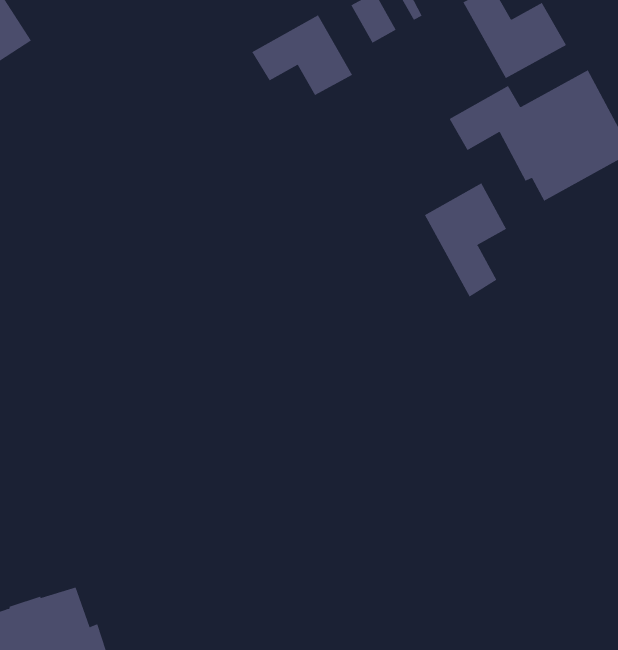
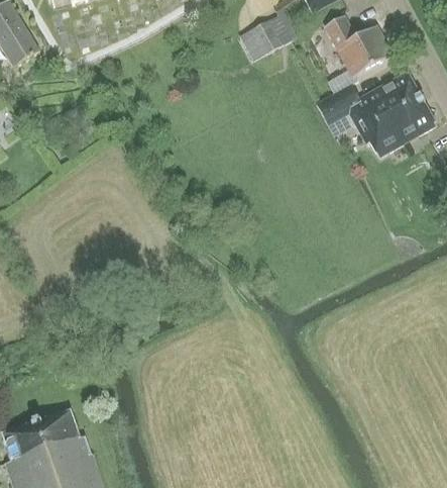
building: [251,14,353,96] -> none
building: [424,182,507,297] -> none

